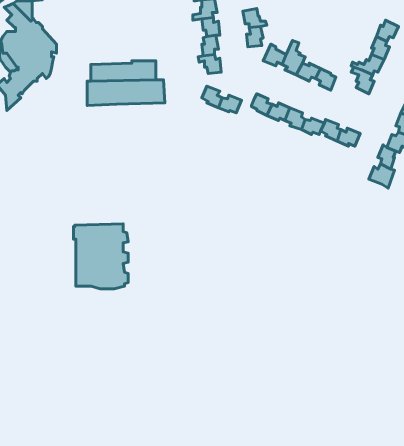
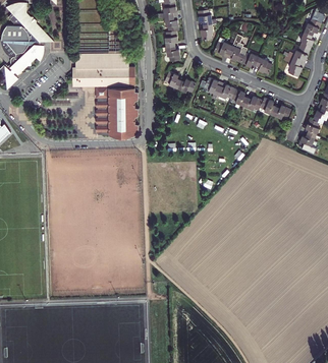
building: [73,224,128,289] -> [95,84,139,136]

